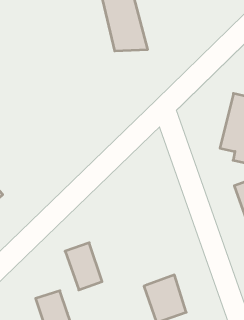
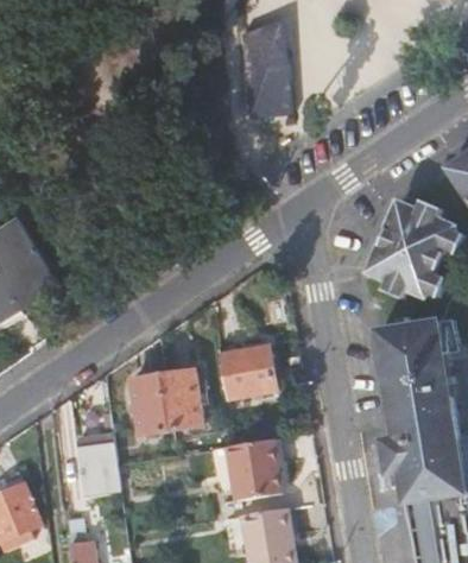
building: none -> [220,344,277,398]
building: none -> [164,368,205,430]

